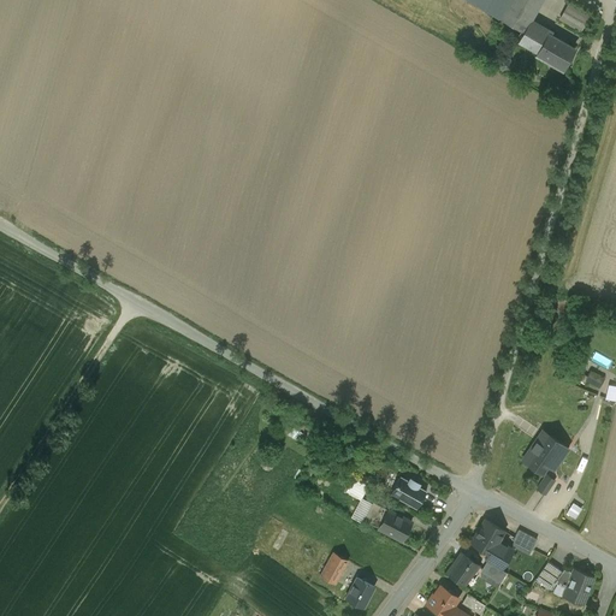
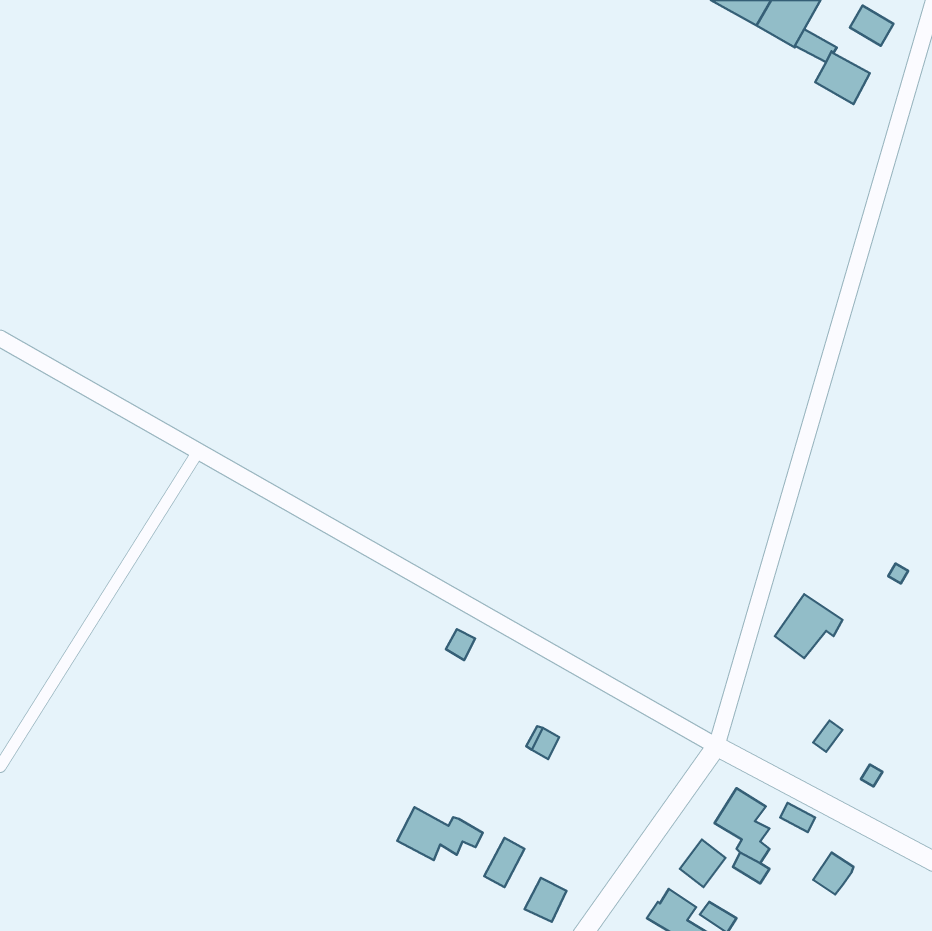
building: [523,433,568,475] -> [775,594,843,658]
building: [391,478,427,510] -> none
building: [365,504,413,543] -> none
building: none -> [397,807,483,860]
building: [556,570,594,605] -> none

